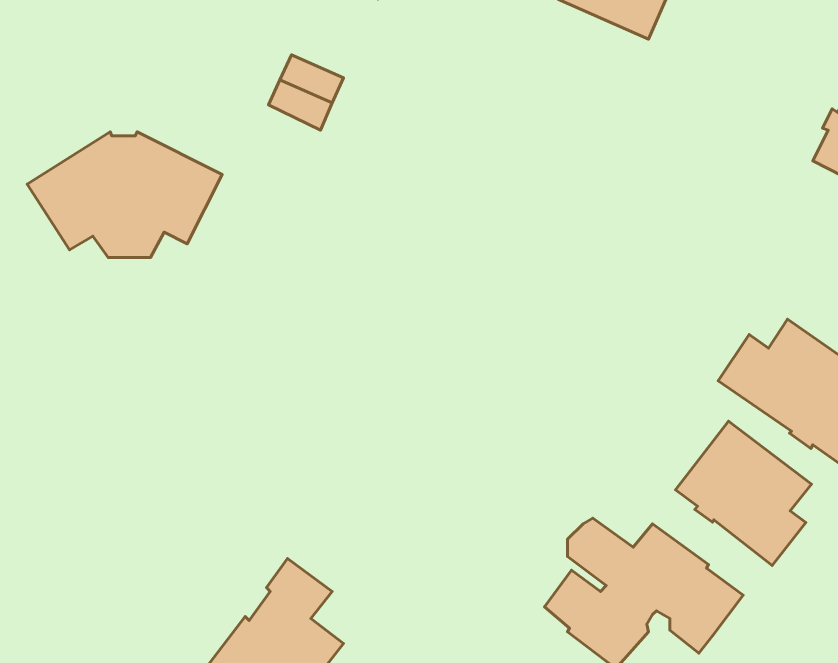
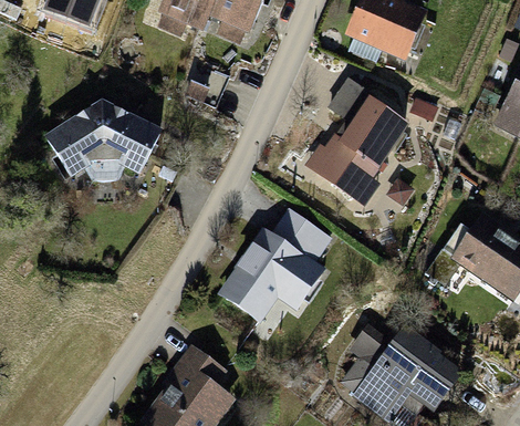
building: none -> [316,80,404,197]
building: none -> [222,211,327,318]
building: [675,421,811,565] -> none

